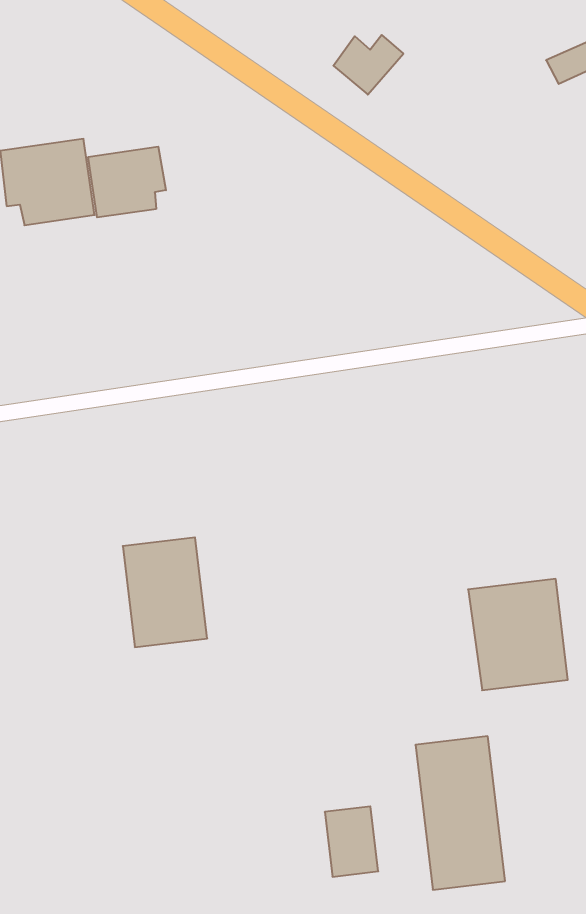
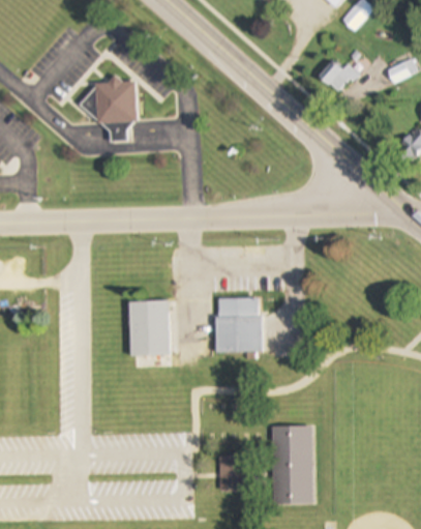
building: [333,35,403,95] -> [319,61,357,93]
building: [88,147,166,217] -> none
building: [468,579,568,690] -> [214,297,262,352]

